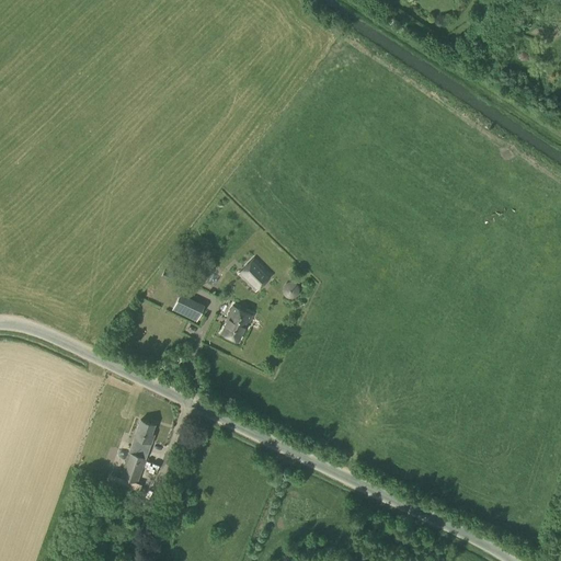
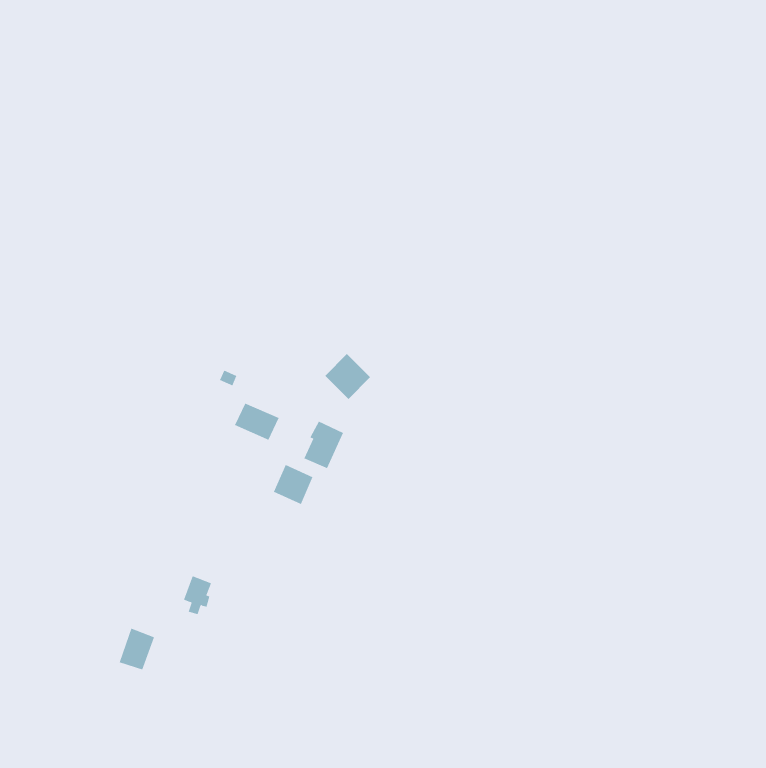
building: none -> [273,464,313,505]
building: [121,453,147,483] -> [119,628,155,670]

